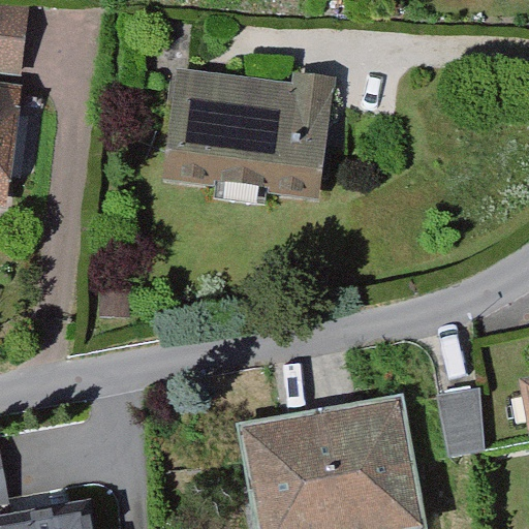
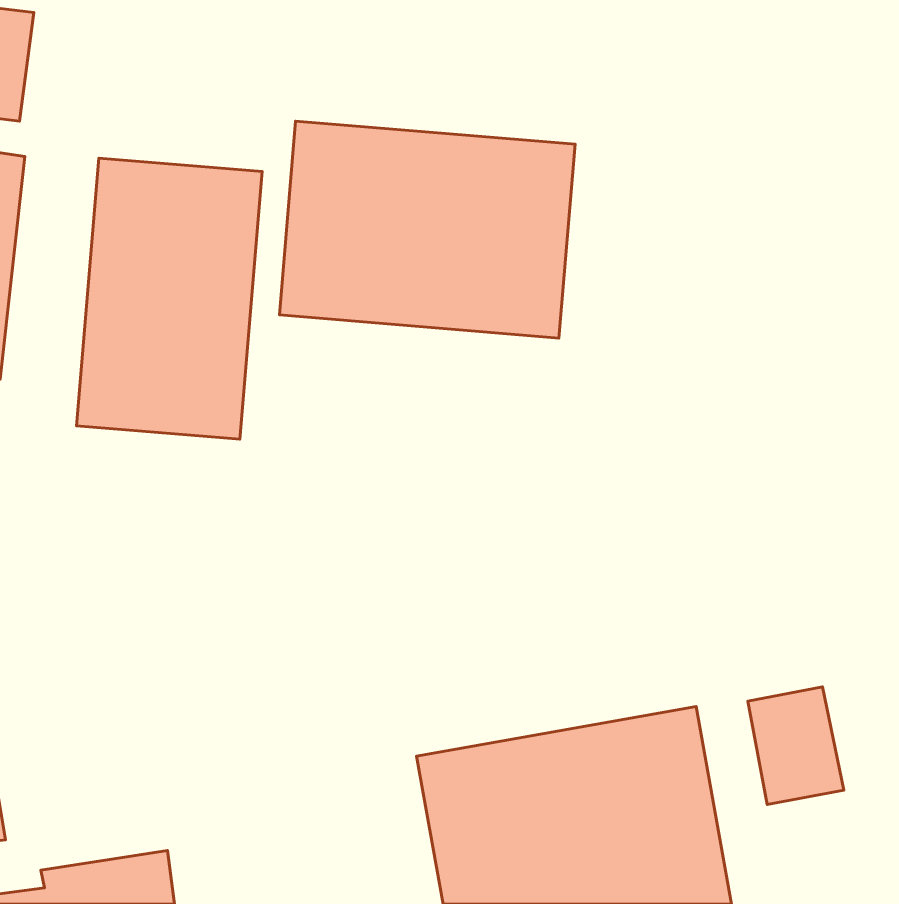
building: none -> [77,158,262,439]

